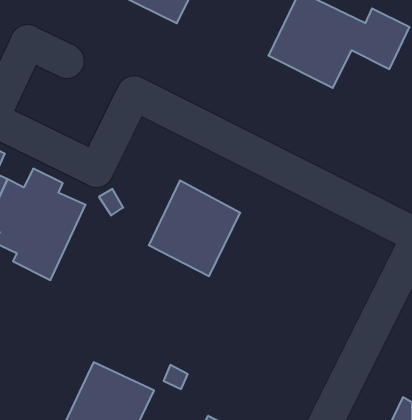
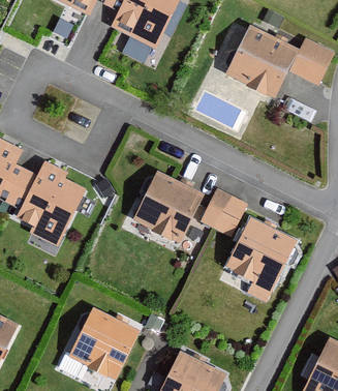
building: none -> [202,187,245,234]
building: none -> [224,217,296,301]

